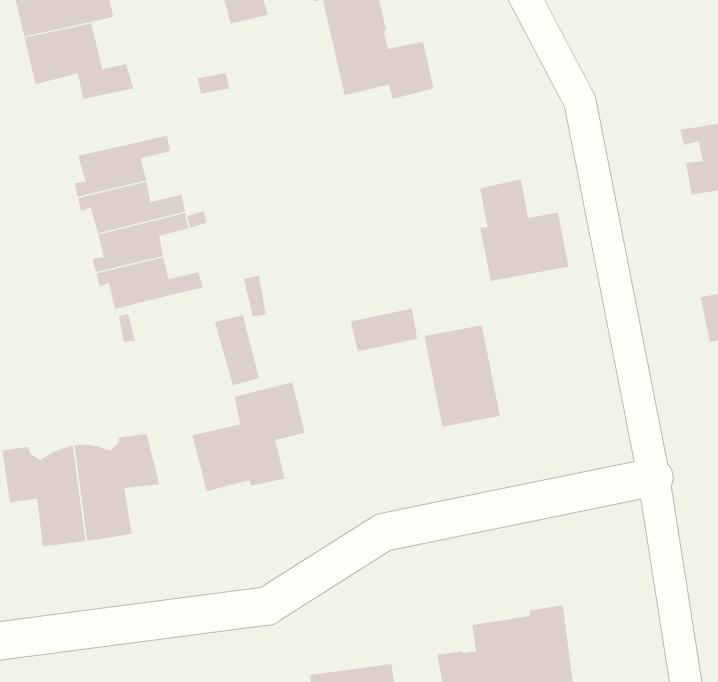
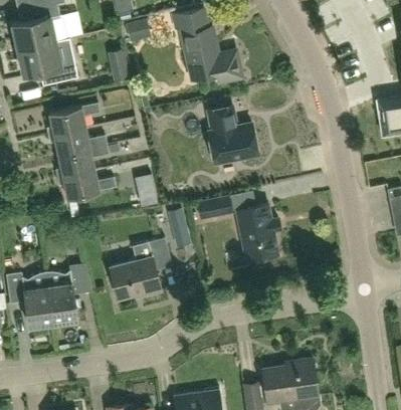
building: [479,179,570,282] -> [208,105,257,161]
building: [214,314,260,386] -> [167,208,192,247]

